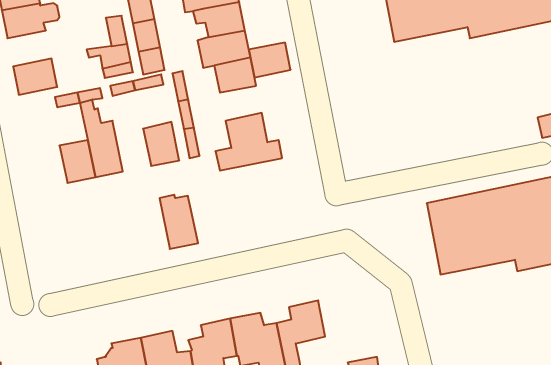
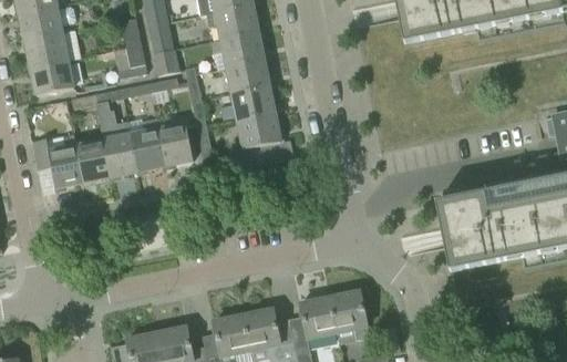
building: none -> [24,29,80,66]
building: [249,43,291,78] -> [233,85,274,120]
building: none -> [31,132,83,187]
building: [160,195,198,249] -> [127,116,165,169]
building: none -> [329,289,369,341]

